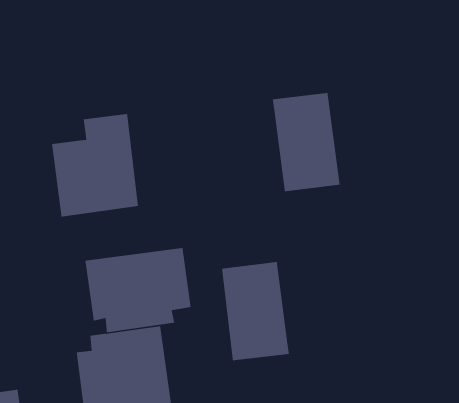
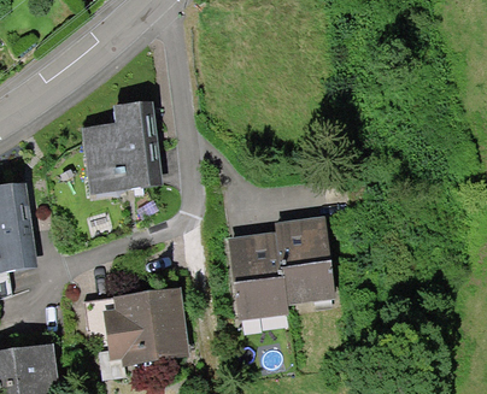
building: [272,92,340,192] -> [277,216,338,304]
building: [85,247,191,333] -> none

